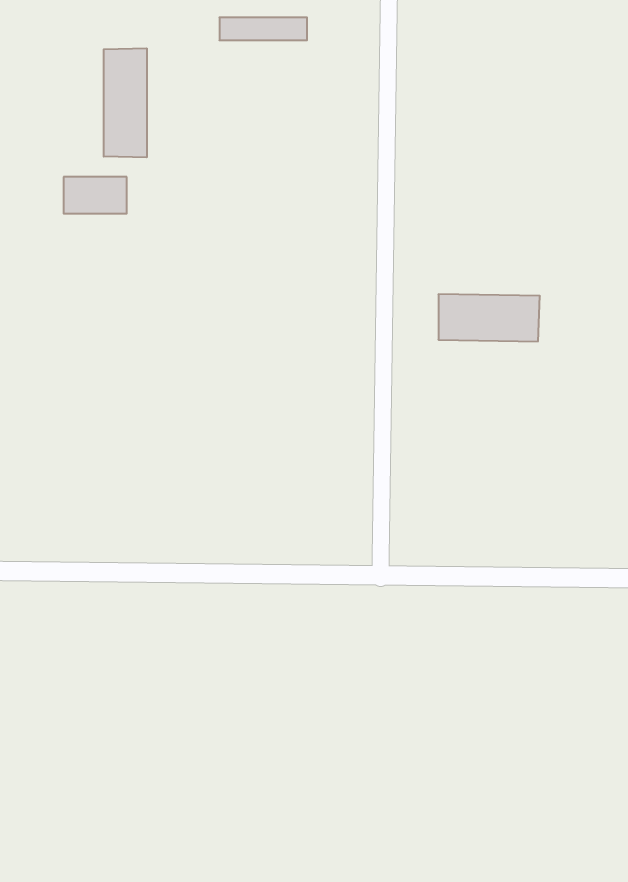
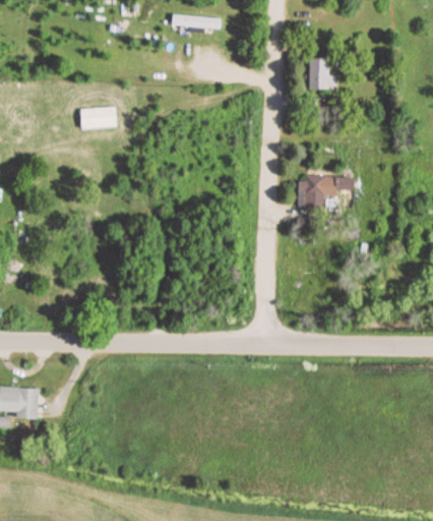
building: [104,48,147,157] -> none
building: none -> [309,58,332,89]

